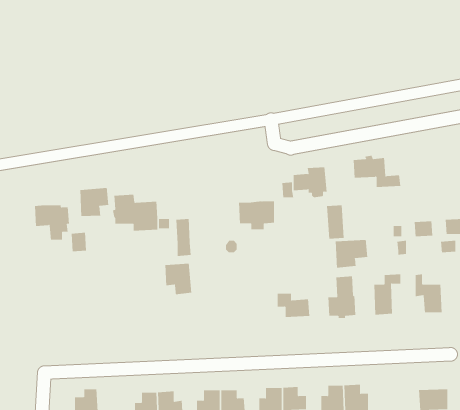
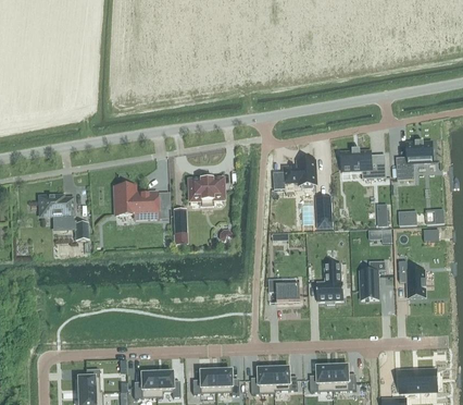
building: none -> [396,142,433,180]
building: [80,187,109,217] -> none
building: [238,201,275,230] -> [188,177,223,205]
building: [335,239,368,269] -> none
building: [165,263,192,295] -> none

